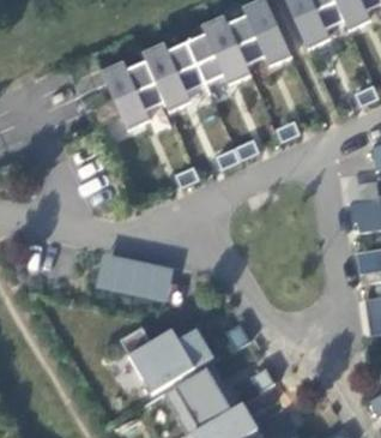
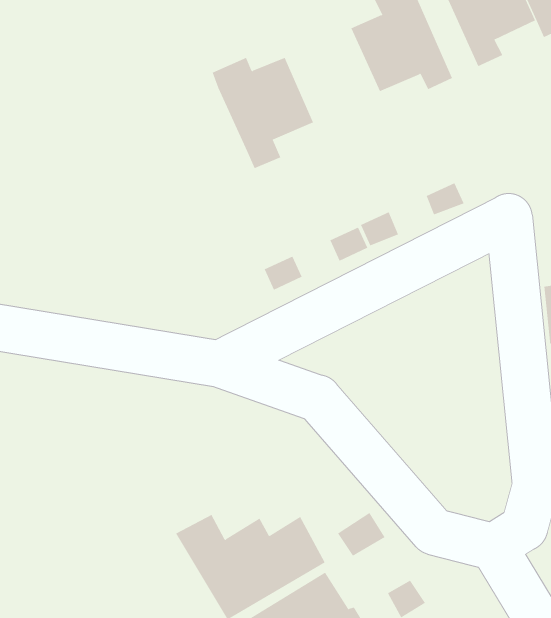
building: [187,16,249,84] -> none
building: [101,61,163,130] -> none
building: [97,254,171,295] -> none

